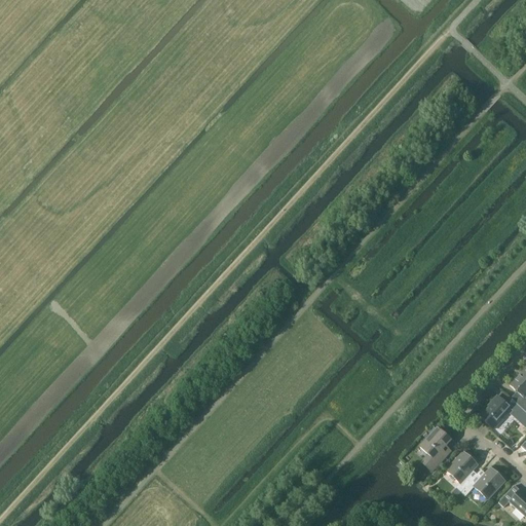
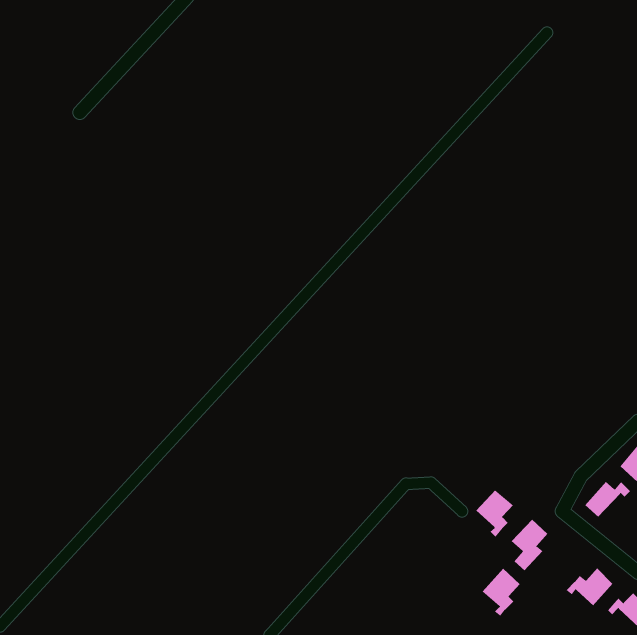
building: none -> [475,489,514,537]
building: [447,450,479,490] -> [482,568,521,617]

